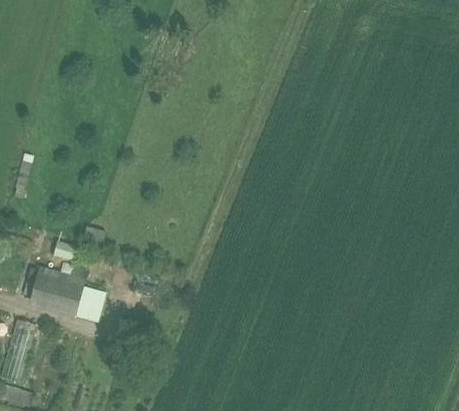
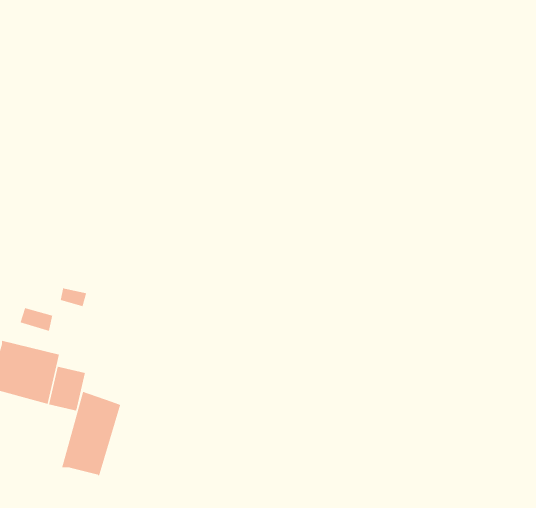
building: none -> [61,391,121,477]

